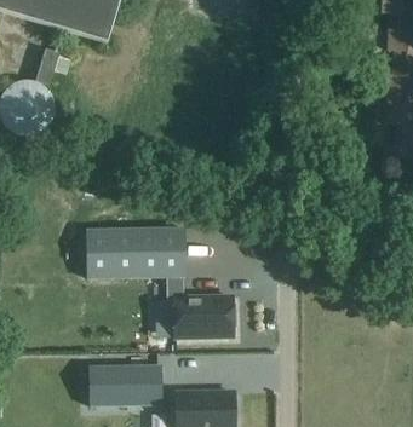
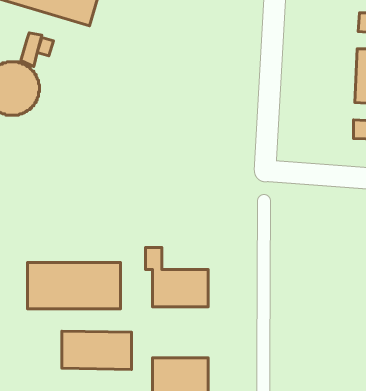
building: [87,227,184,276] -> [28,262,121,309]

